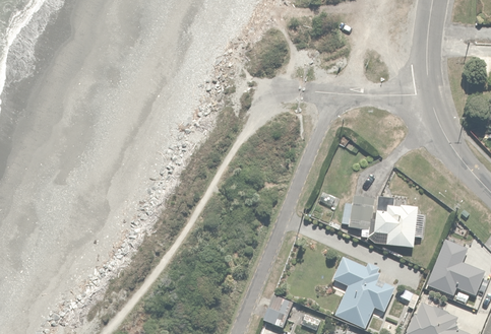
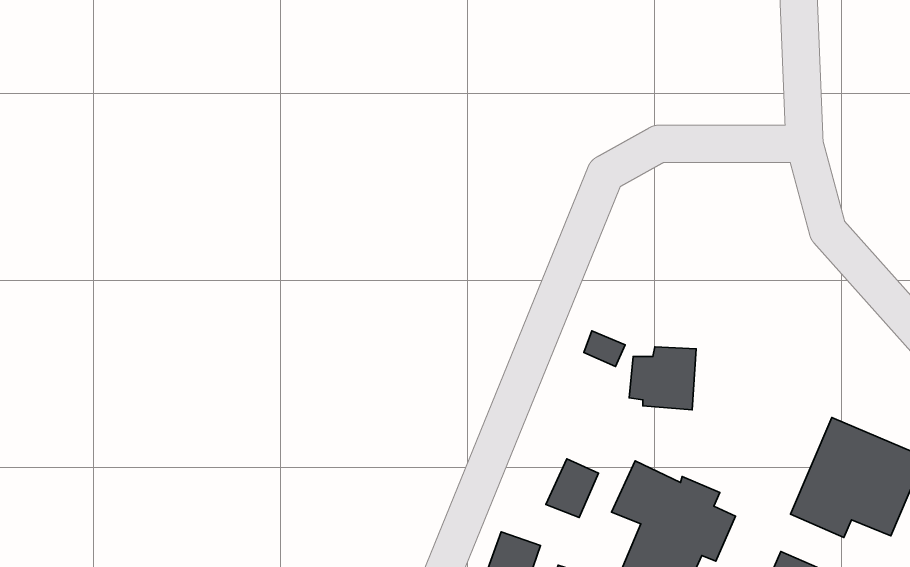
building: [375,197,424,249] -> none
building: none -> [546,459,599,518]

